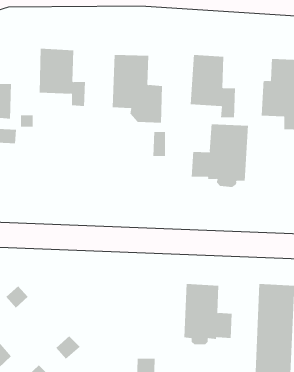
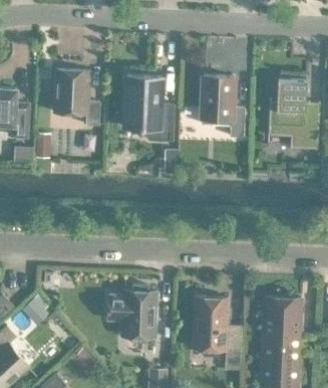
building: [191,124,249,188] -> none
building: none -> [107,284,155,338]

